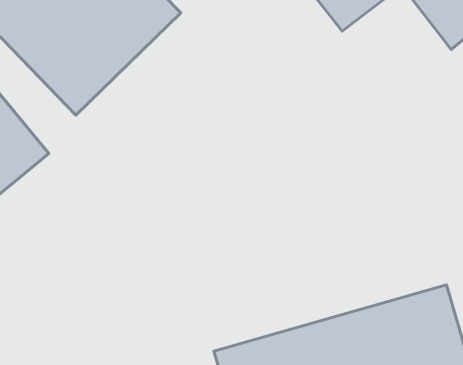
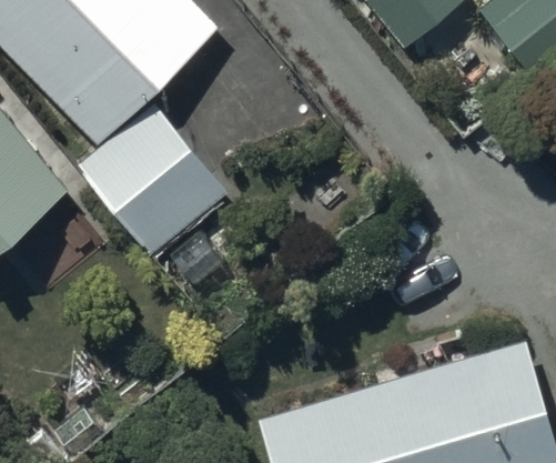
building: none -> [80,102,228,261]

